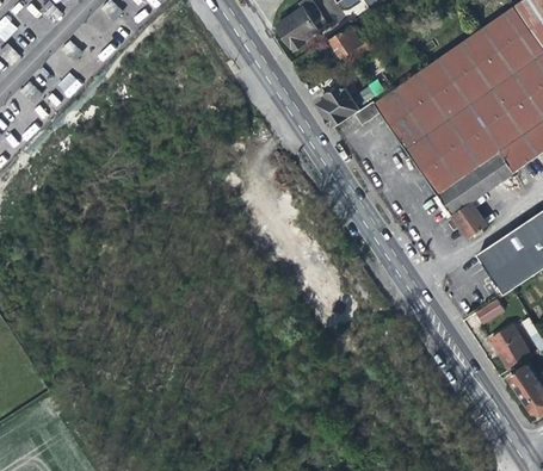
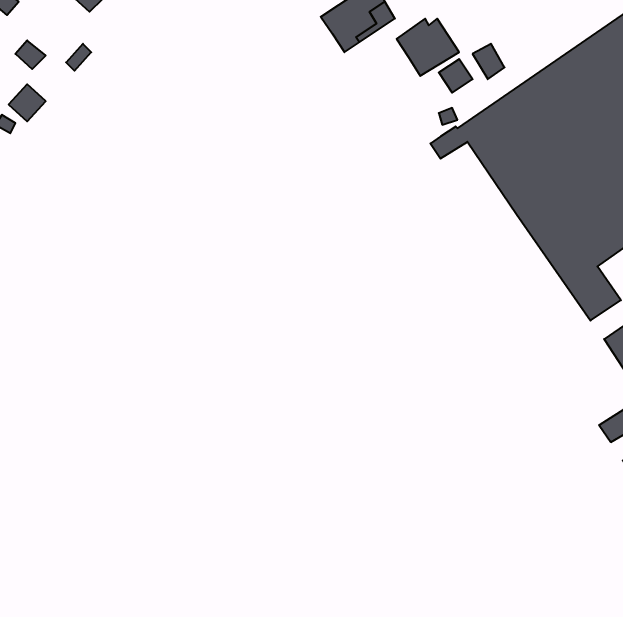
building: [317,83,362,129] -> none

